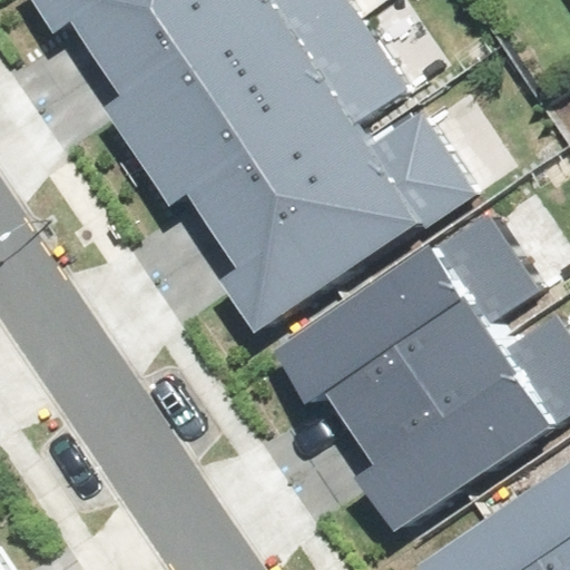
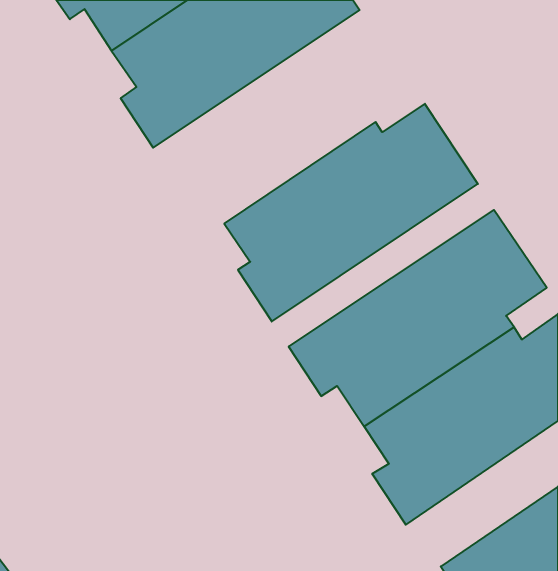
building: [151,13,407,226] -> none

